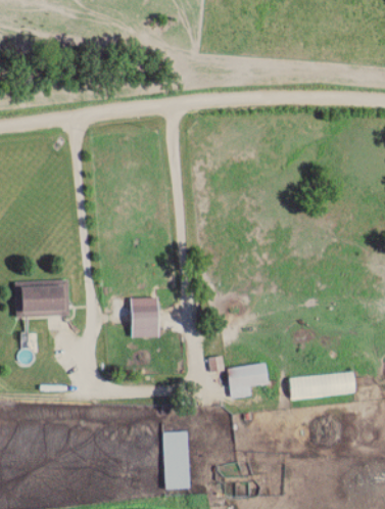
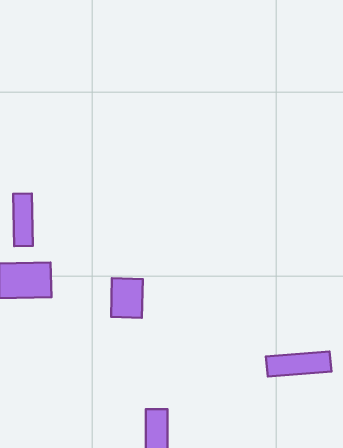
building: none -> [13,193,33,246]
building: [210,356,271,398] -> none

